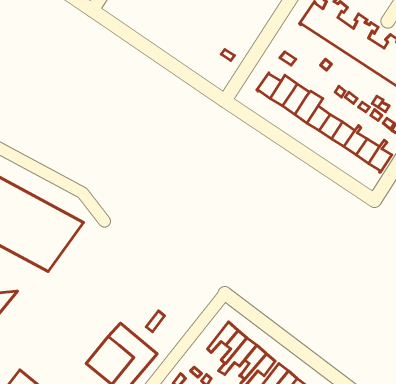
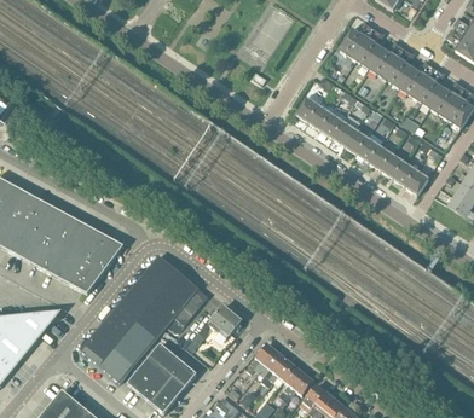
building: none -> [80,255,208,382]
building: none -> [208,306,242,337]

